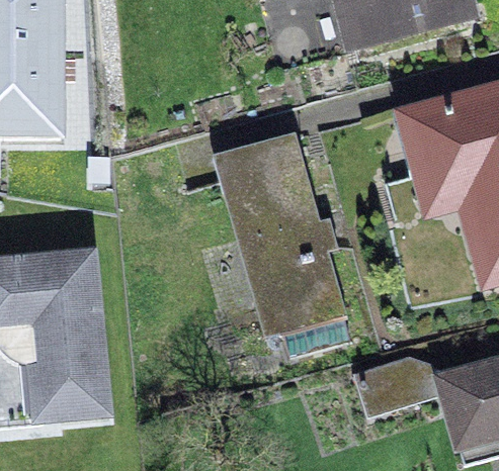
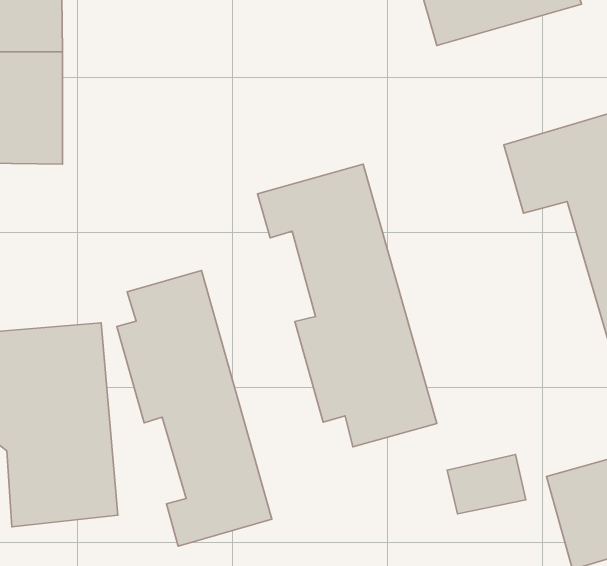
building: none -> [117,270,272,546]

